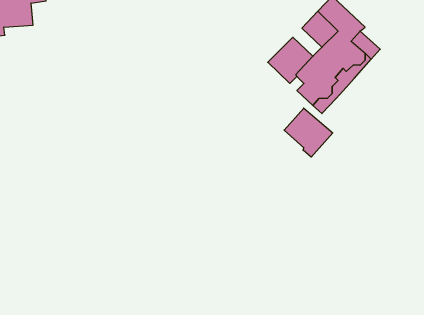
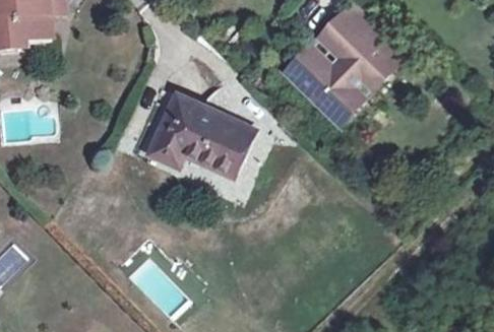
building: none -> [151,96,251,174]
building: [284,108,333,157] -> none

